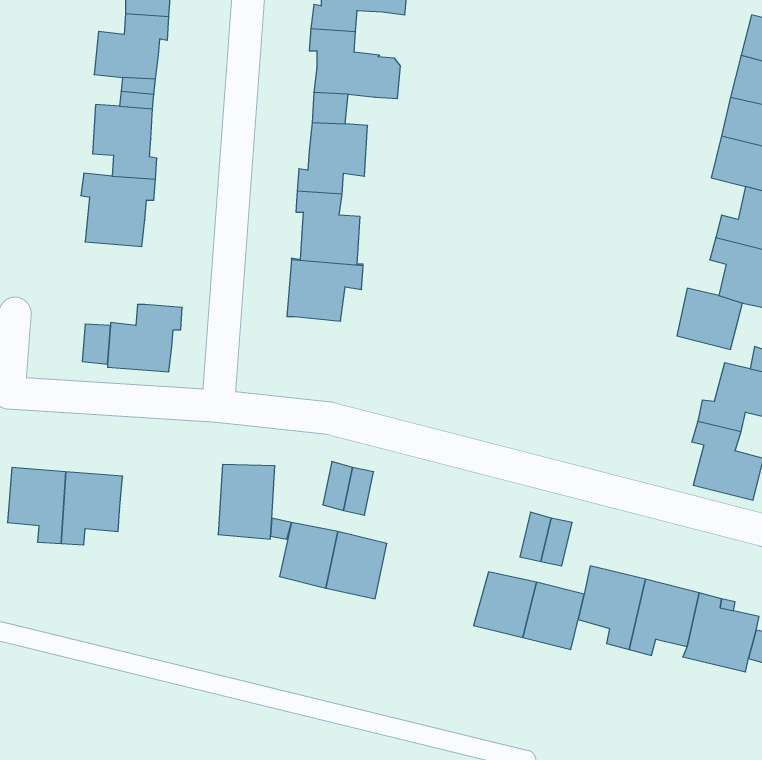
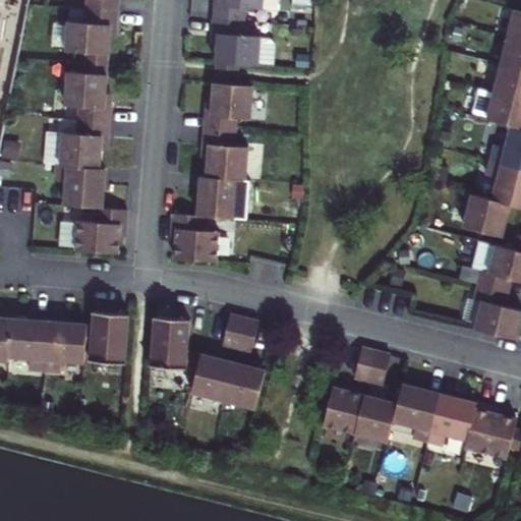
building: none -> [54,165,104,208]
building: none -> [170,214,217,262]
building: none -> [88,311,126,363]

